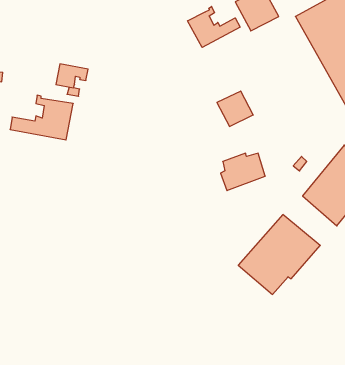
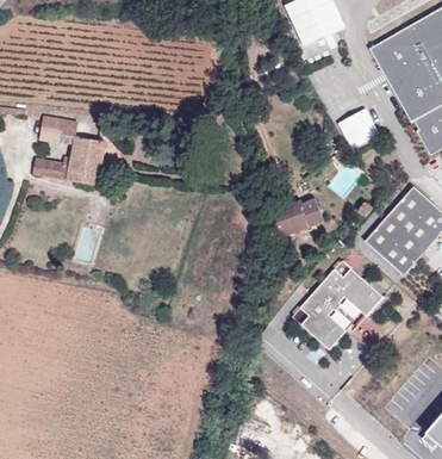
building: [188,6,240,47] -> none
building: [56,64,88,88] -> [39,114,76,142]
building: [217,91,253,126] -> [337,106,379,147]

